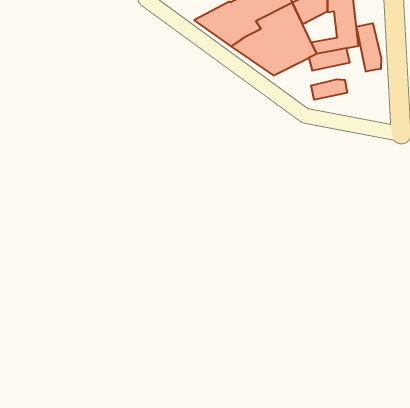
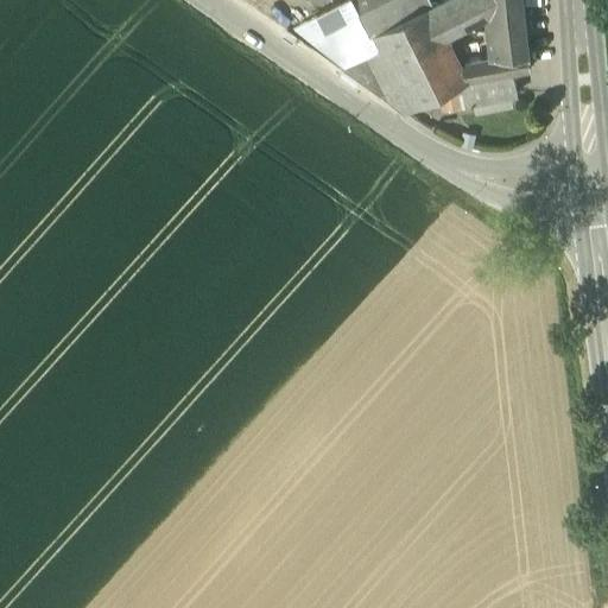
building: [356,23,381,72] -> none
building: [311,79,347,100] -> none

